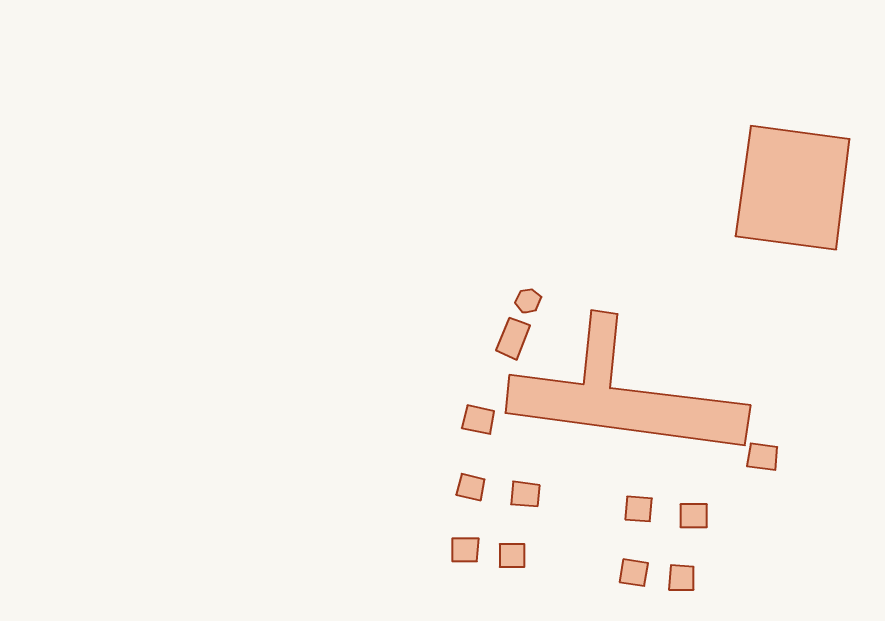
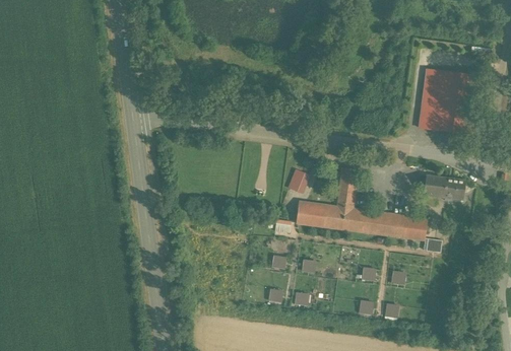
building: none -> [423,174,465,200]

